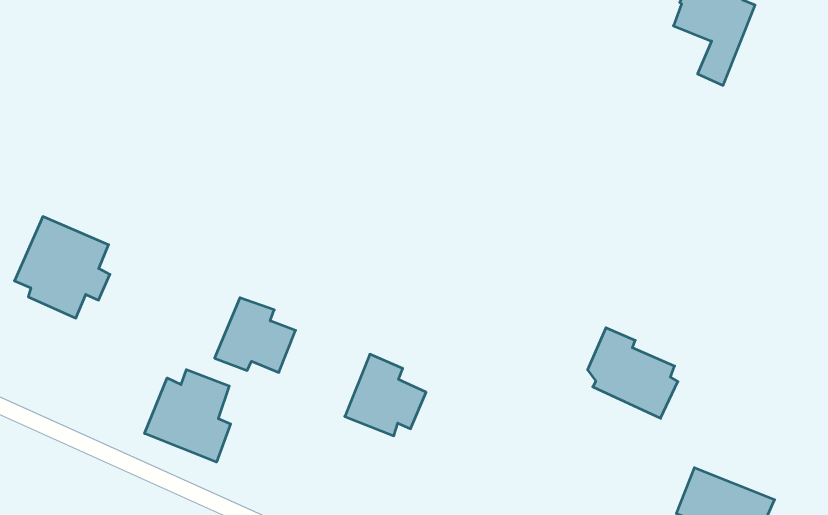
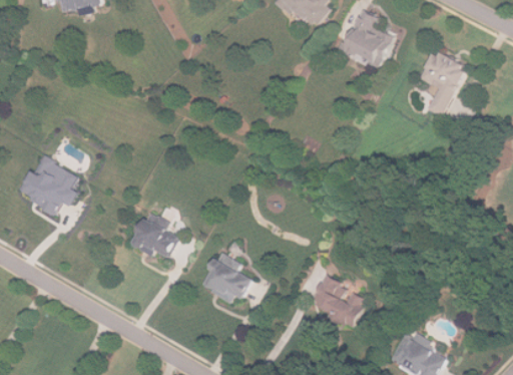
building: [588,328,678,418] -> [310,274,361,329]
building: [145,370,231,462] -> none

